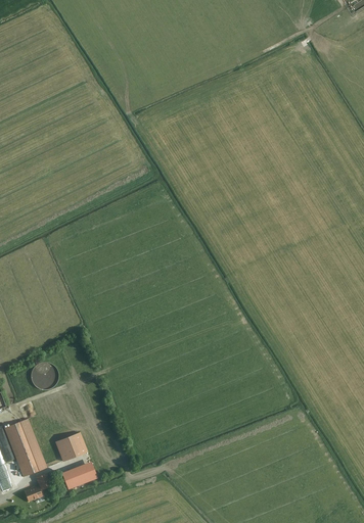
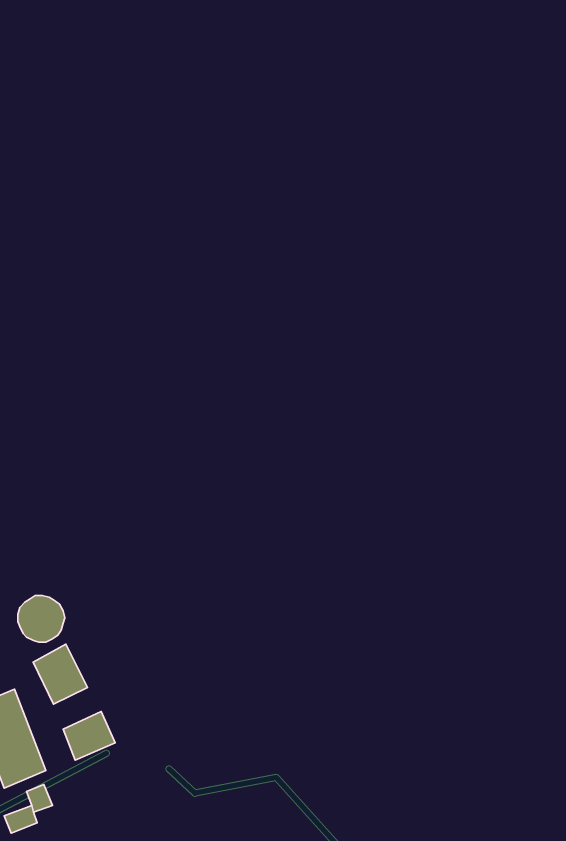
building: none -> [33,644,88,704]
building: [61,462,97,489] -> none

